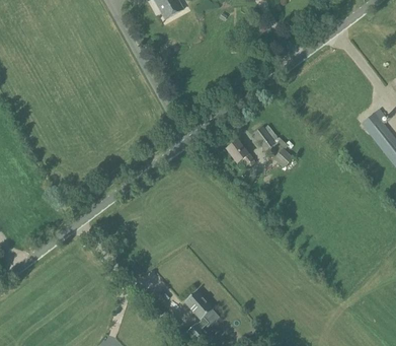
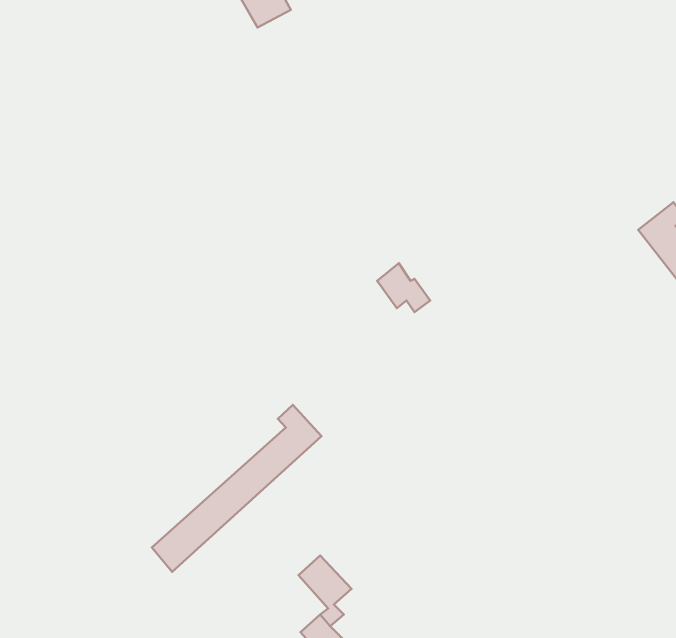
building: [252,124,294,167] -> none
building: none -> [152,405,321,572]

